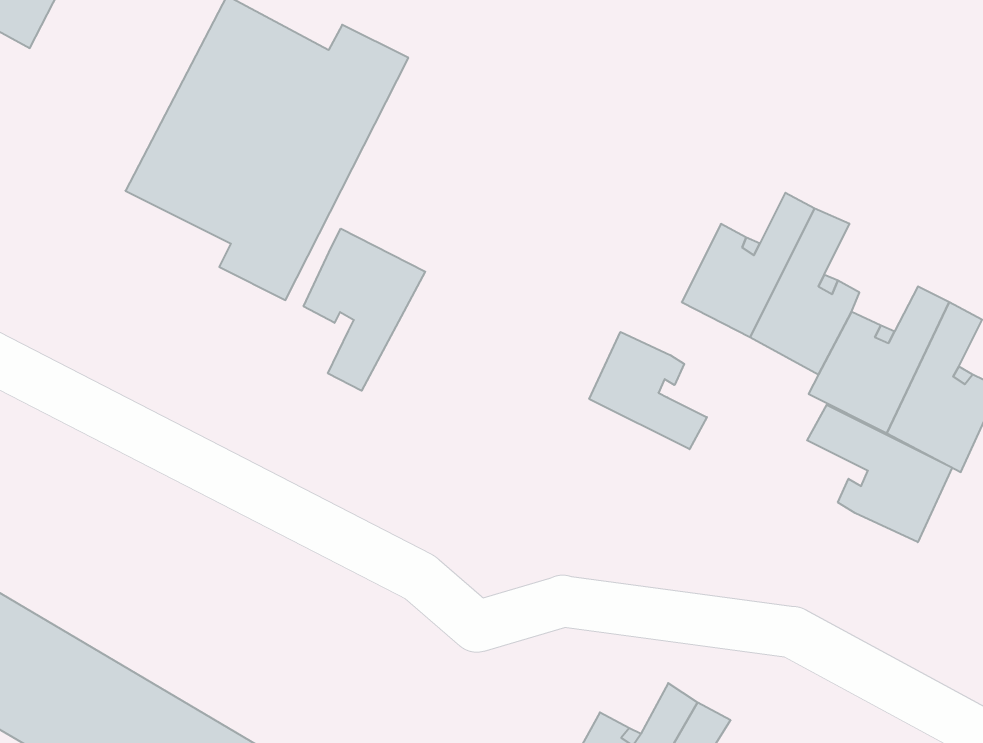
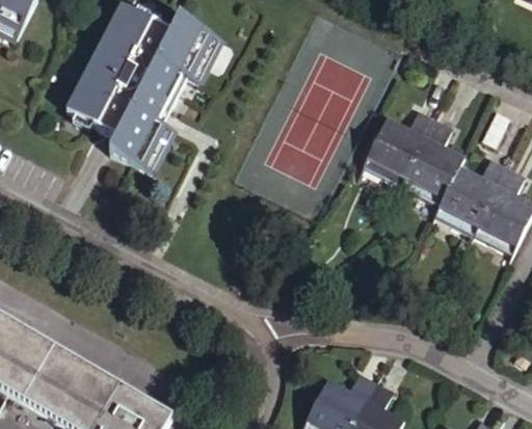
building: [304,229,425,391] -> none
building: [589,332,707,449] -> none
building: [807,405,952,542] -> none

